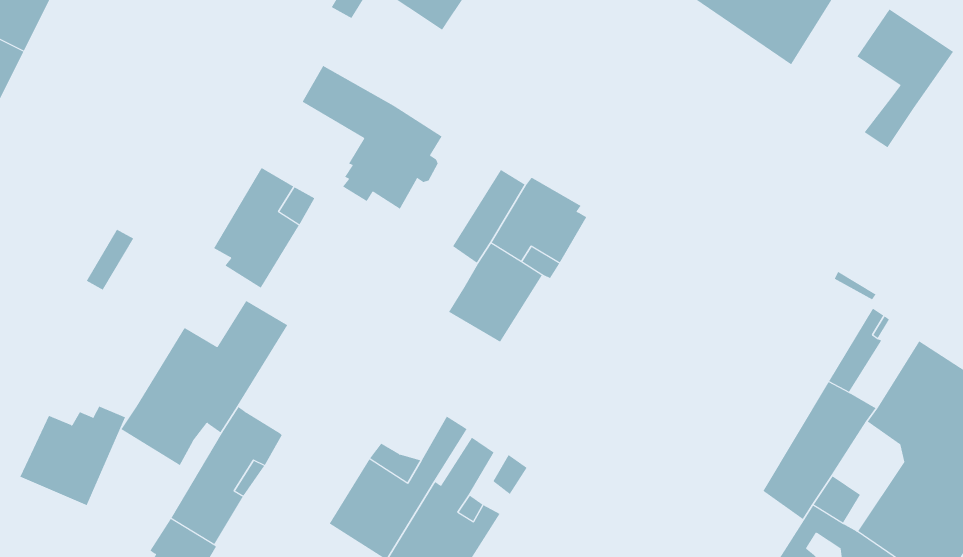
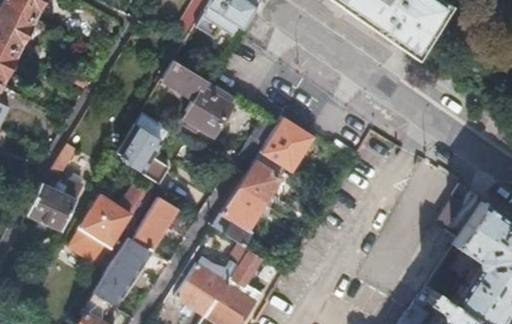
building: [856,8,954,148] -> none
building: none -> [213,187,265,246]
building: none -> [133,197,177,250]
building: [20,406,126,506] -> [27,179,82,231]

